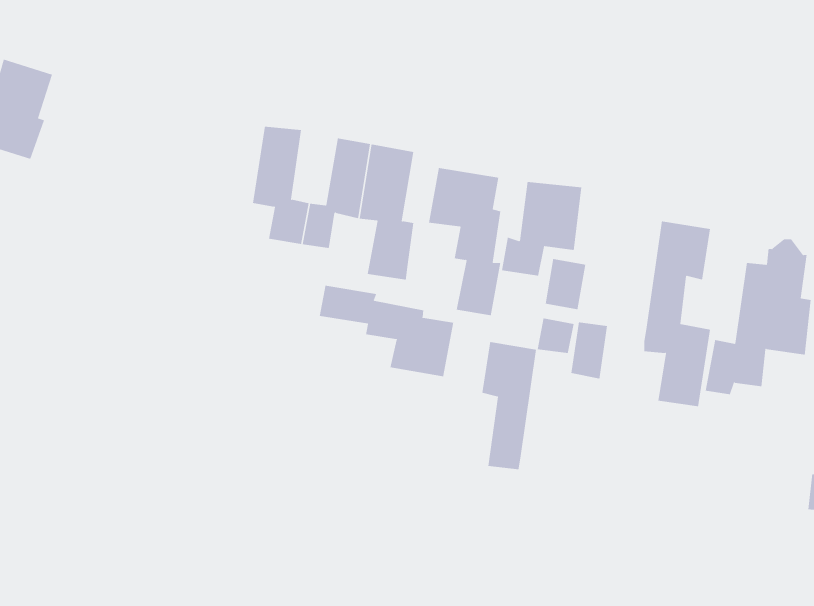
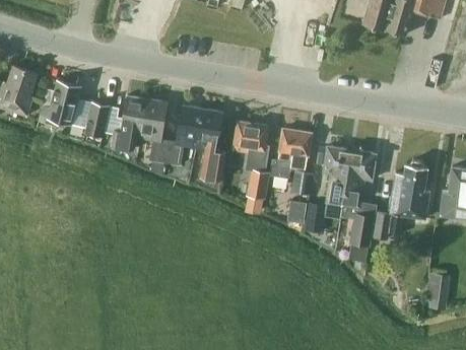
building: none -> [39,81,111,136]
building: none -> [113,97,147,151]
building: [319,285,454,377] -> none
building: [481,341,537,470] -> [323,145,351,211]

